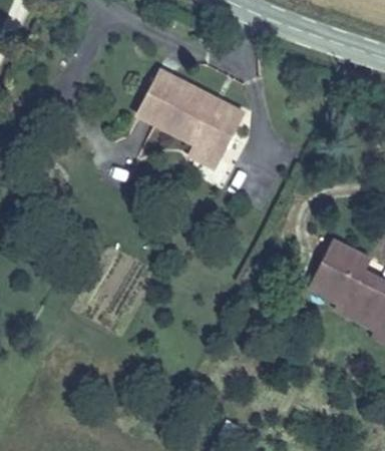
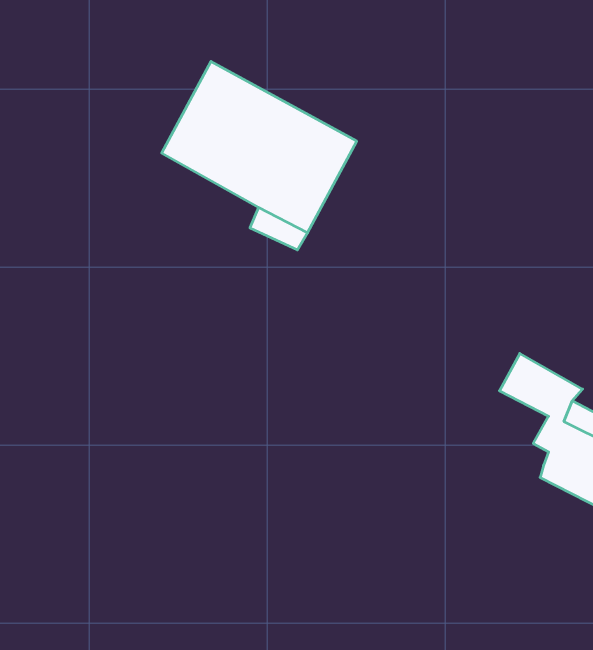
building: [315,261,356,305] -> none

